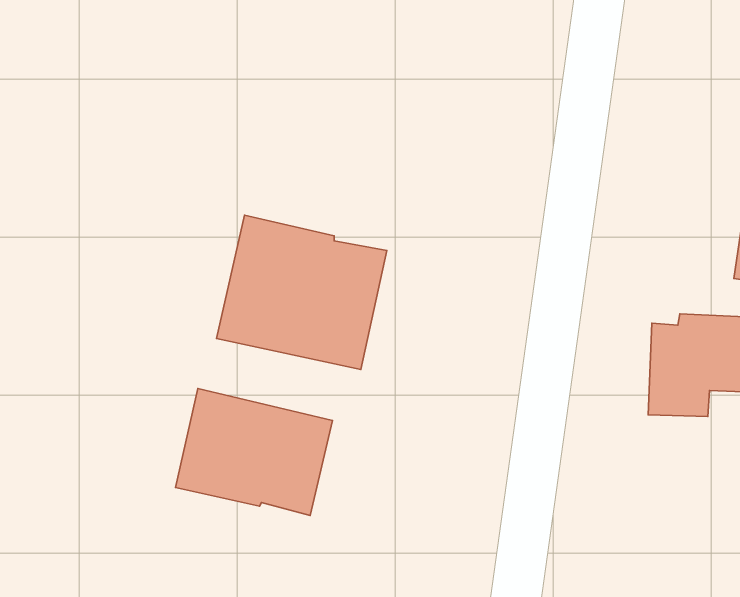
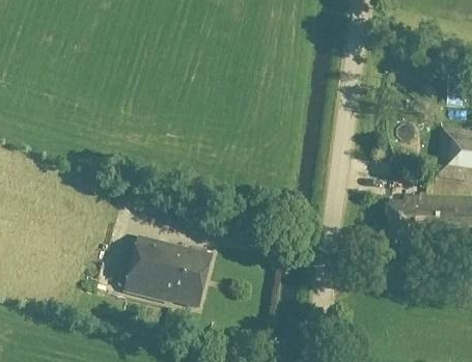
building: [216,215,387,370] -> none

